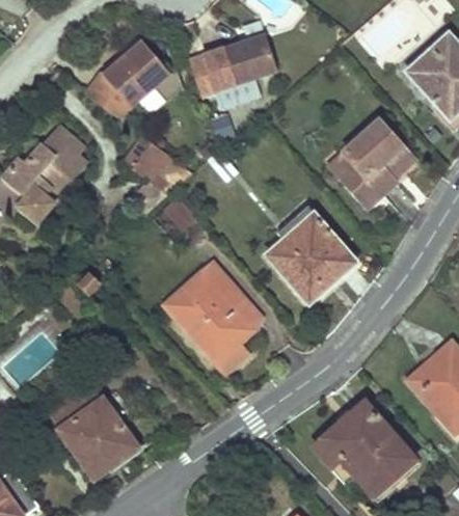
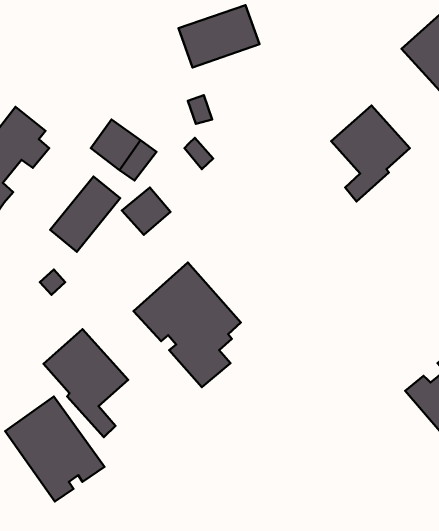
building: [84,37,170,118] -> none
building: none -> [50,176,120,252]
building: [265,207,354,298] -> none
building: none -> [43,329,128,437]
building: [314,406,417,497] -> none

